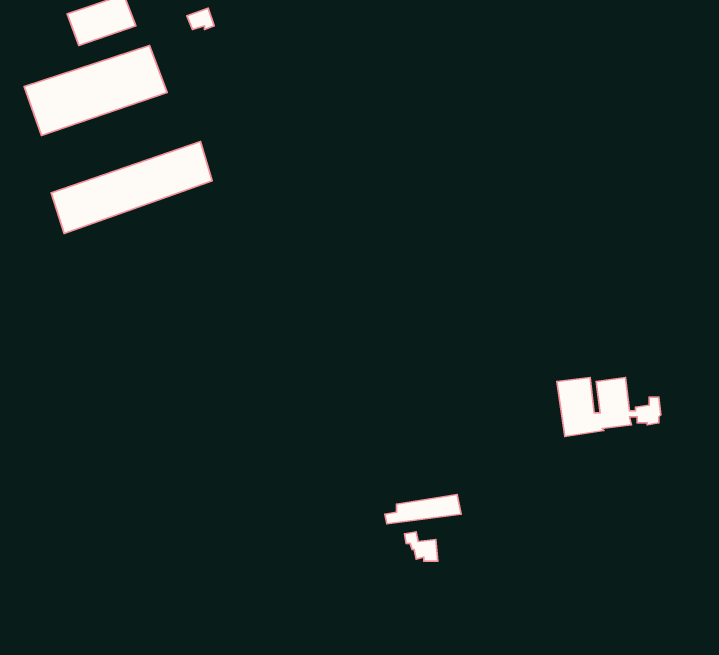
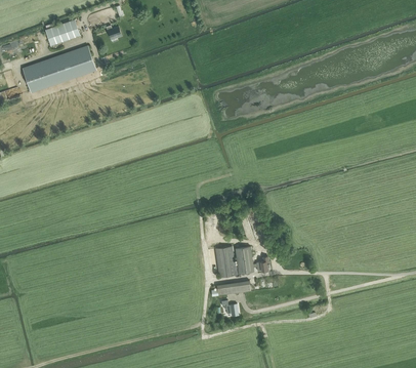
building: [51,142,212,233] -> none
building: [557,378,661,436] -> [214,247,268,278]

